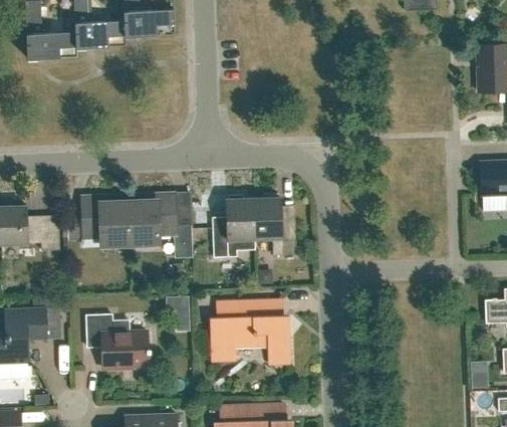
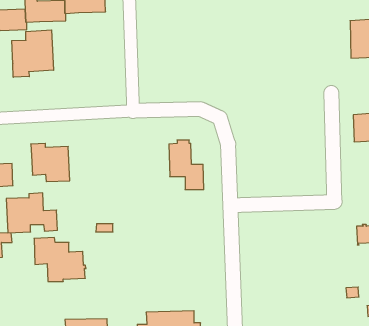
building: none -> [12,30,54,77]
building: [129,194,192,243] -> [6,193,57,233]
building: [213,194,254,256] -> none
building: [210,299,290,364] -> none

